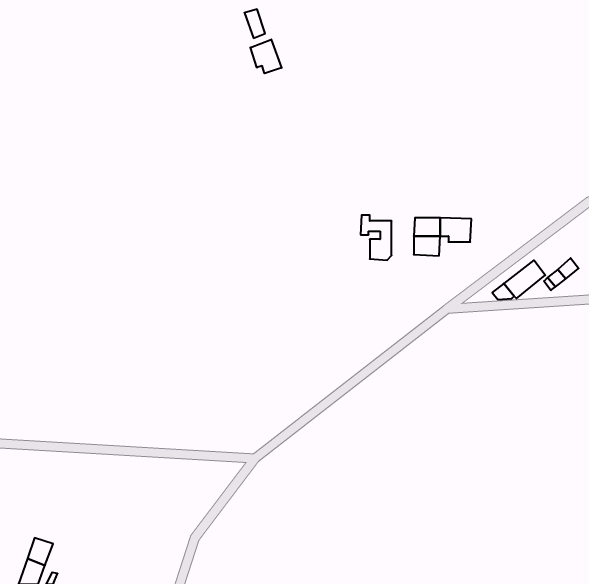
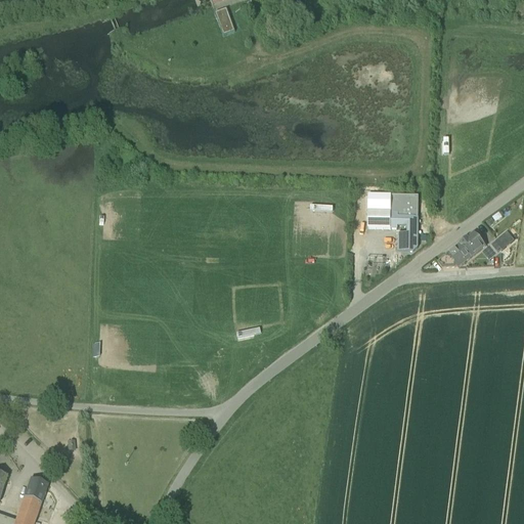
building: [250,39,282,73] -> none
building: [361,215,392,260] -> [390,210,418,250]

